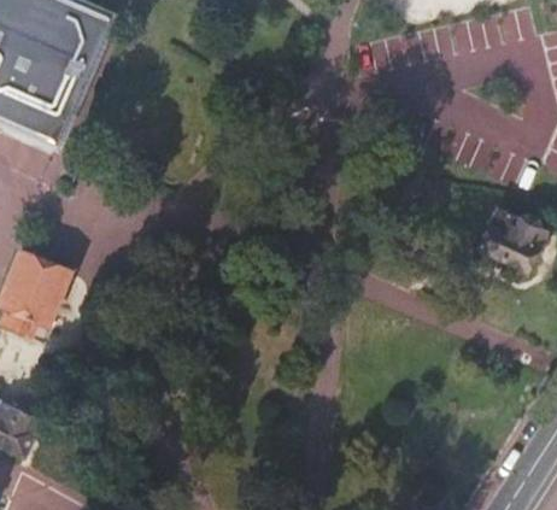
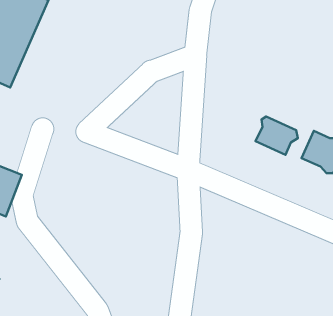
building: none -> [256,117,298,155]

